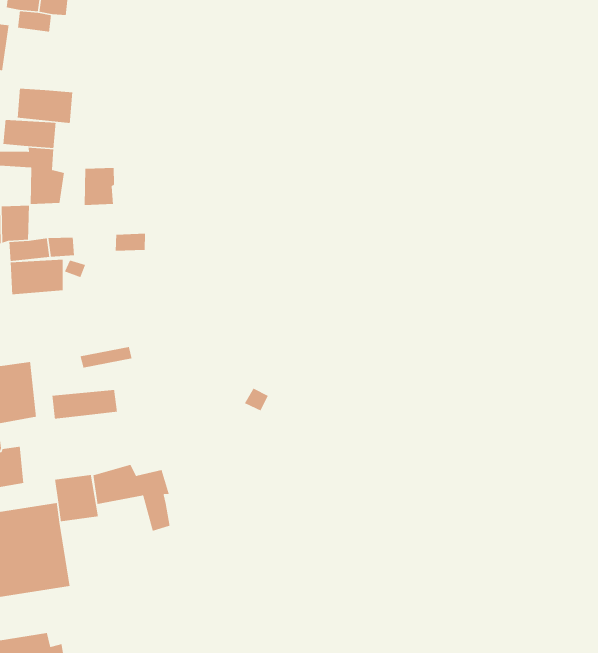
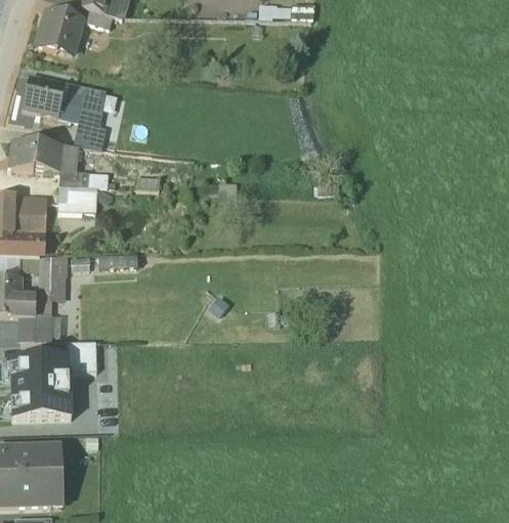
building: [17,88,73,124] -> none
building: [84,167,115,206] -> none
building: [51,389,118,420] -> none
building: [93,464,170,532] -> none

